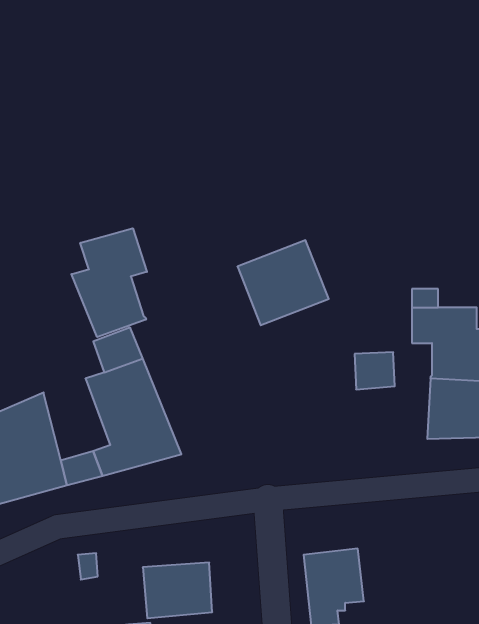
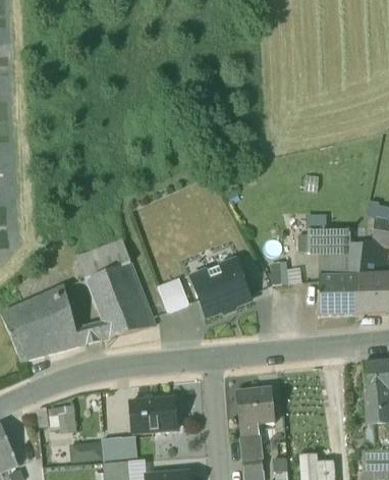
building: [71,228,147,337] -> none
building: [237,240,329,325] -> [191,260,252,316]
building: none -> [158,277,189,312]

